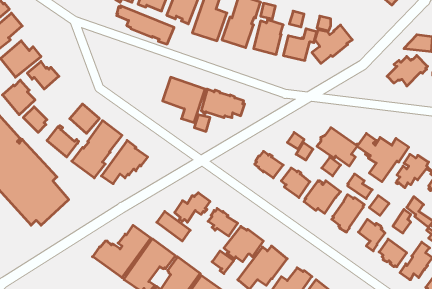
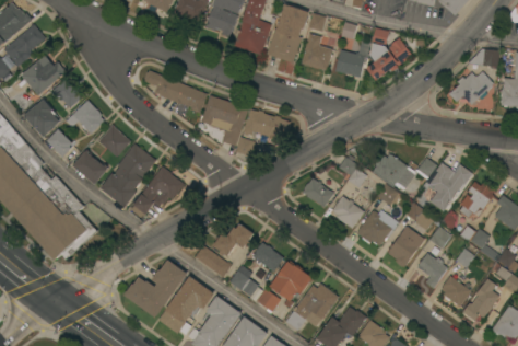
building: [117,6,174,44] -> [144,70,208,113]
building: none -> [67,100,105,134]
building: none -> [228,264,259,296]

